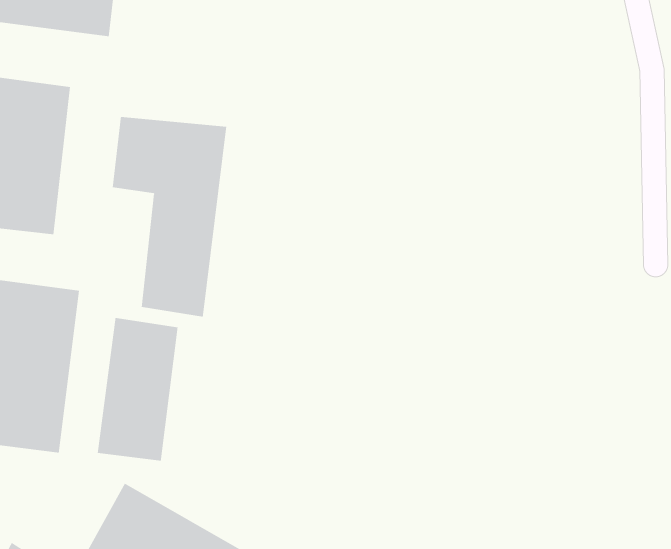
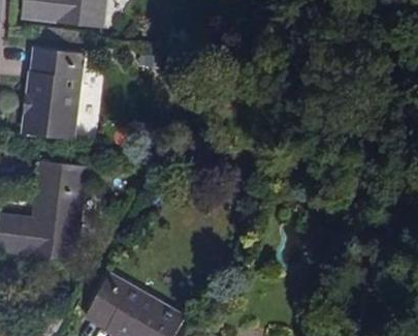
building: [112,116,227,318] -> none
building: [97,317,178,462] -> none

